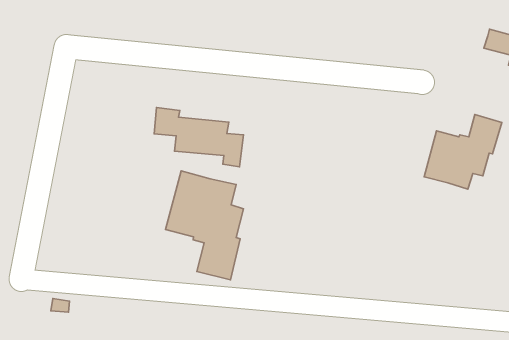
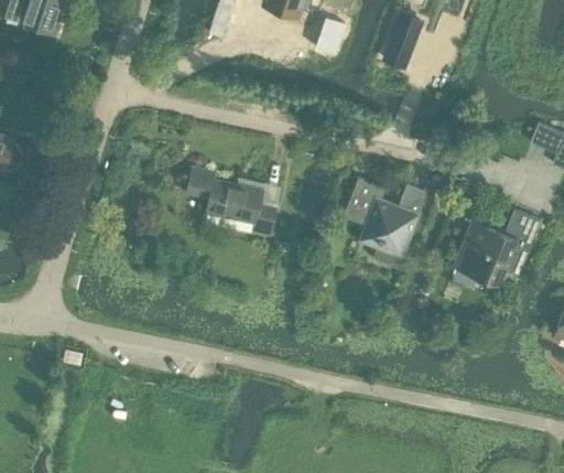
building: none -> [344,179,426,267]
building: [166,171,243,280] -> none

